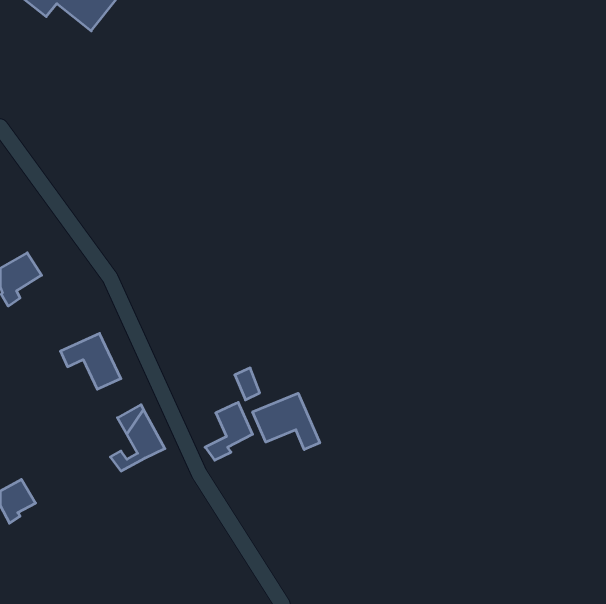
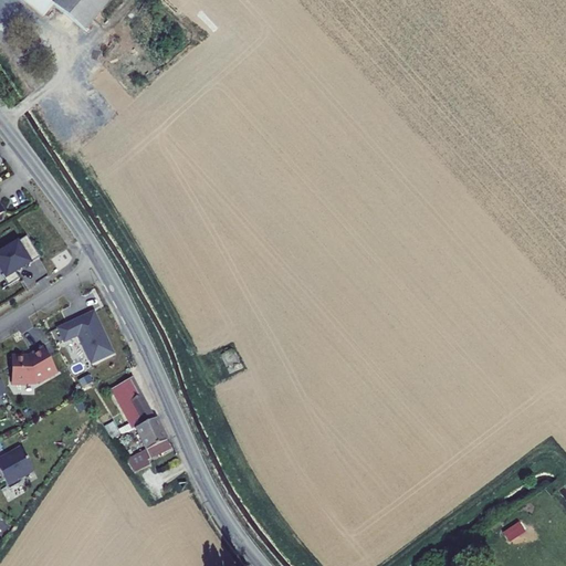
building: none -> [9,345,57,384]
building: [253,393,320,450] -> none
building: [205,402,253,460] -> [125,417,169,471]

